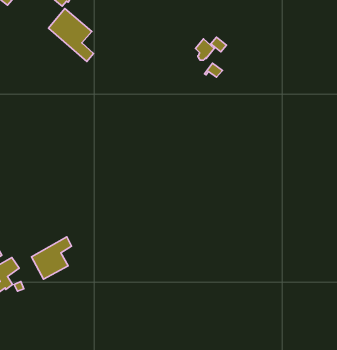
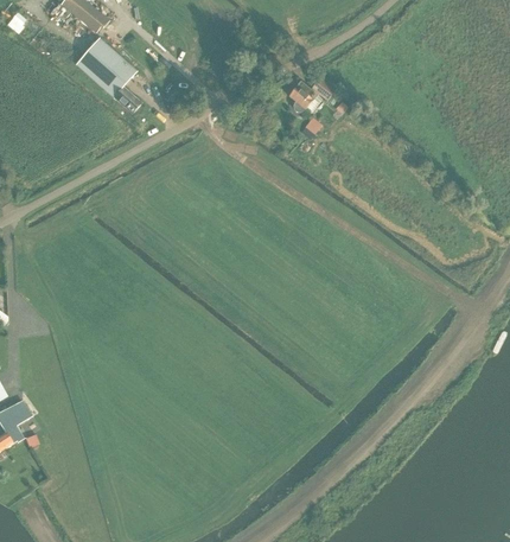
building: [32,237,72,279] -> none

